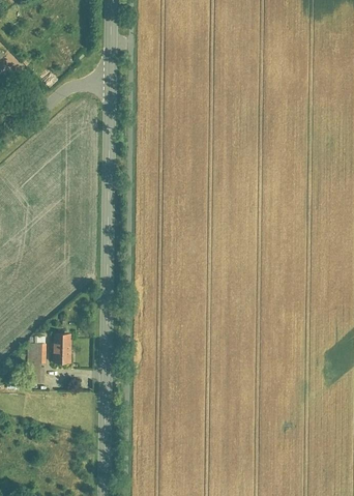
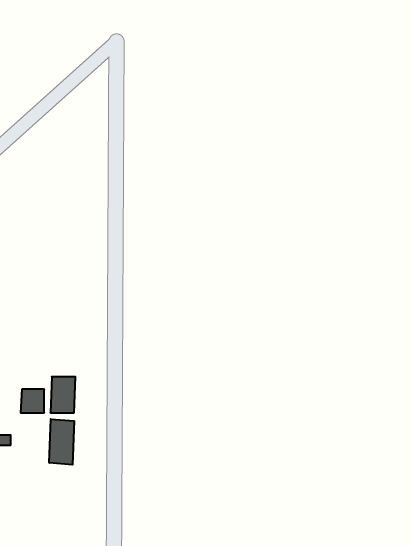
building: none -> [49,419,74,465]

